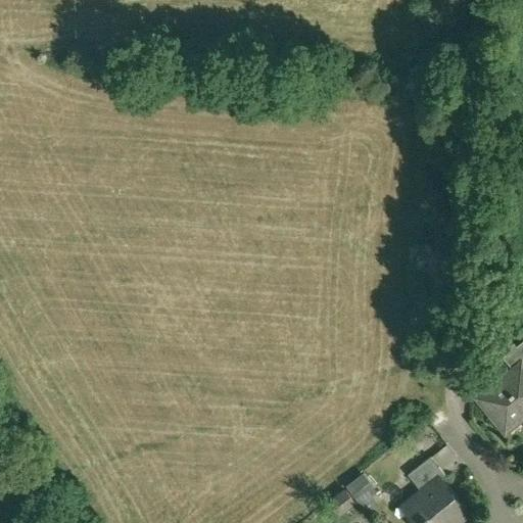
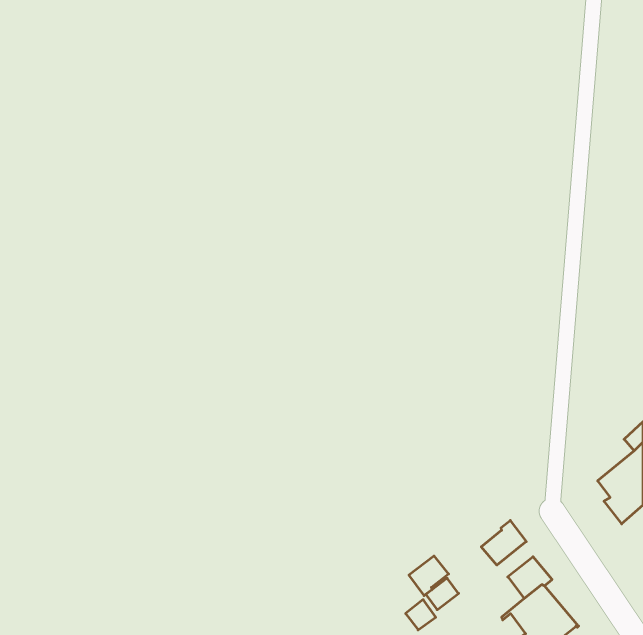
building: none -> [481,520,526,565]
building: none -> [409,556,449,596]

